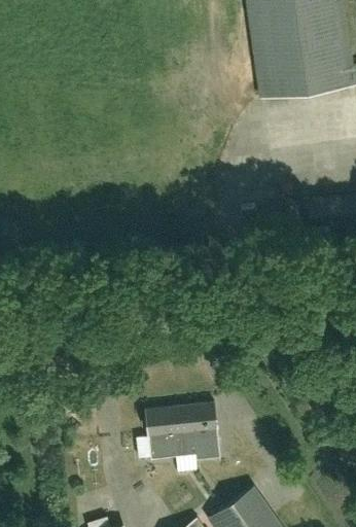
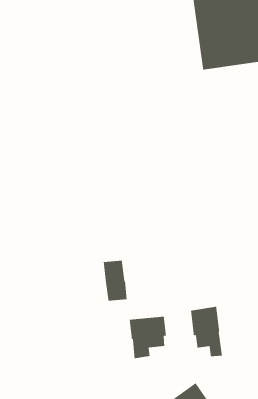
building: none -> [190,306,223,357]
building: [146,407,177,458] -> [103,260,128,301]

